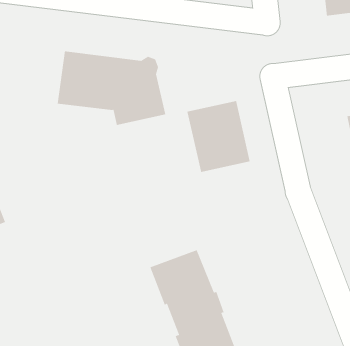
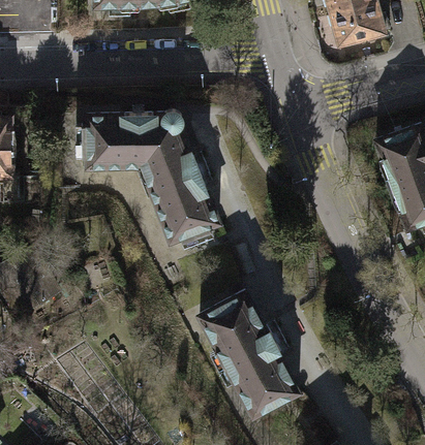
building: [187,101,250,173] -> [148,164,217,240]

